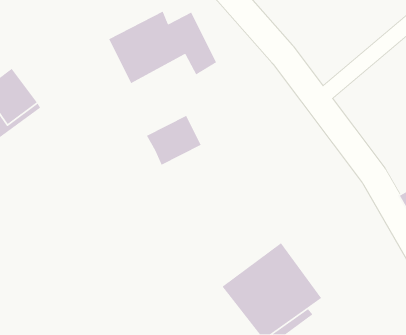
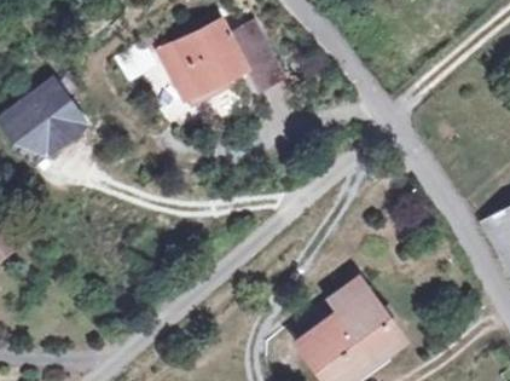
building: [146,115,202,166] -> none

